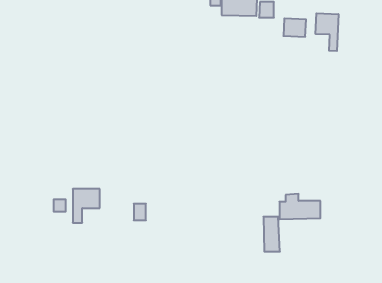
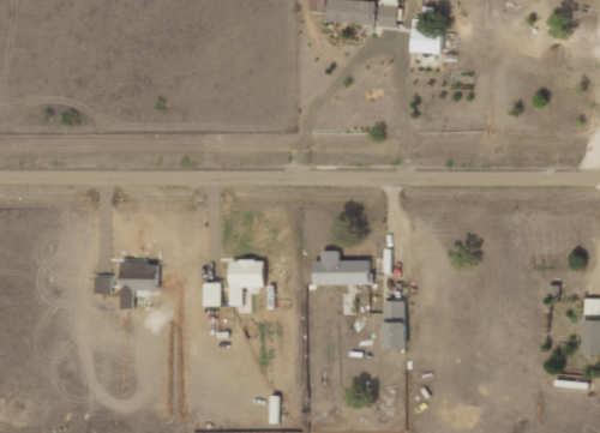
building: [316,13,338,51] -> none
building: none -> [229,260,264,306]
building: [279,194,320,219] -> [313,251,370,285]

